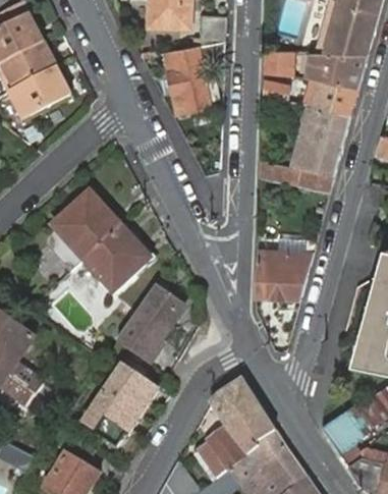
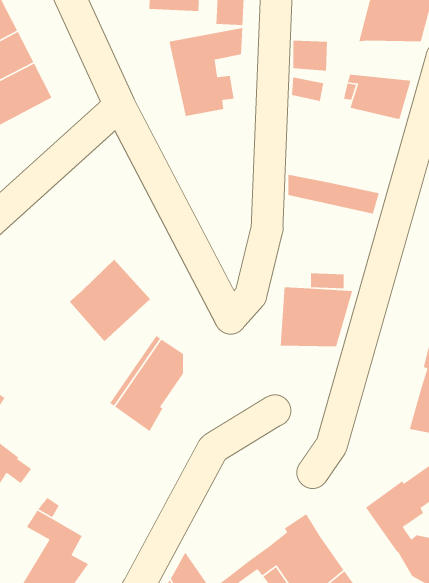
building: [308,50,368,81] -> none
building: [291,103,348,172] -> none
building: [63,191,120,260] -> none
building: [84,368,155,446] -> none
building: [195,378,275,478] -> none

